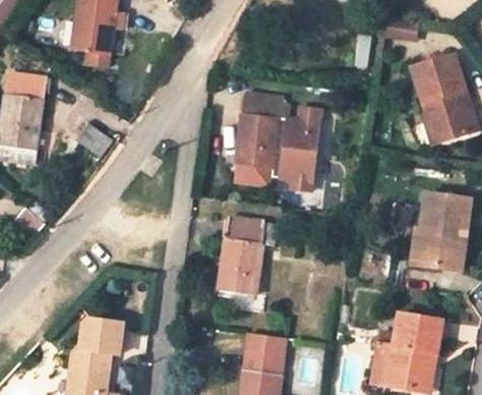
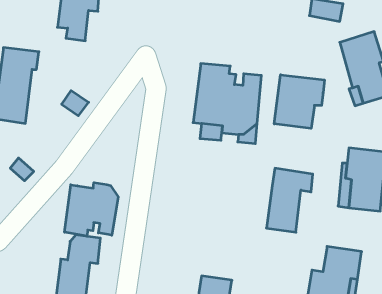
building: none -> [274,75,324,128]
building: [220,217,276,294] -> [266,168,313,232]
building: none -> [65,183,118,236]

